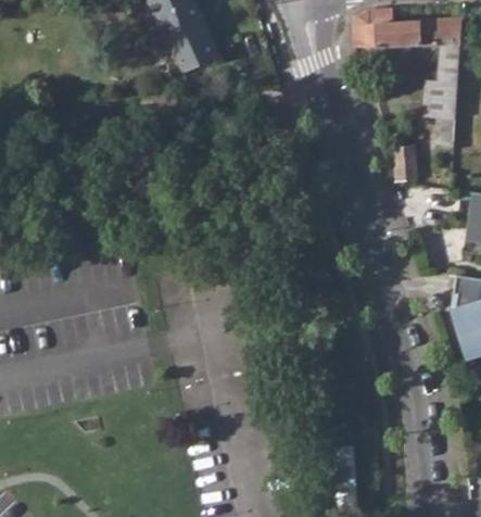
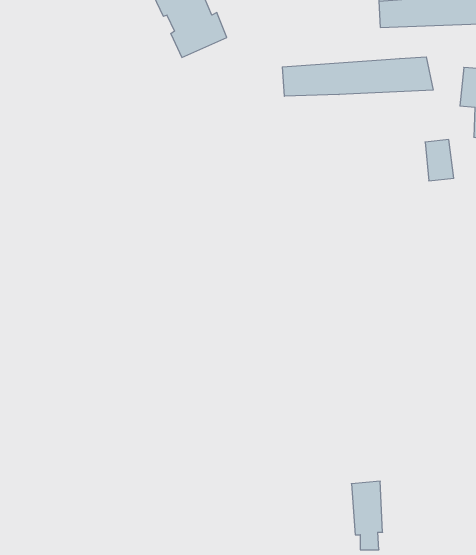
building: none -> [282,57,433,96]

